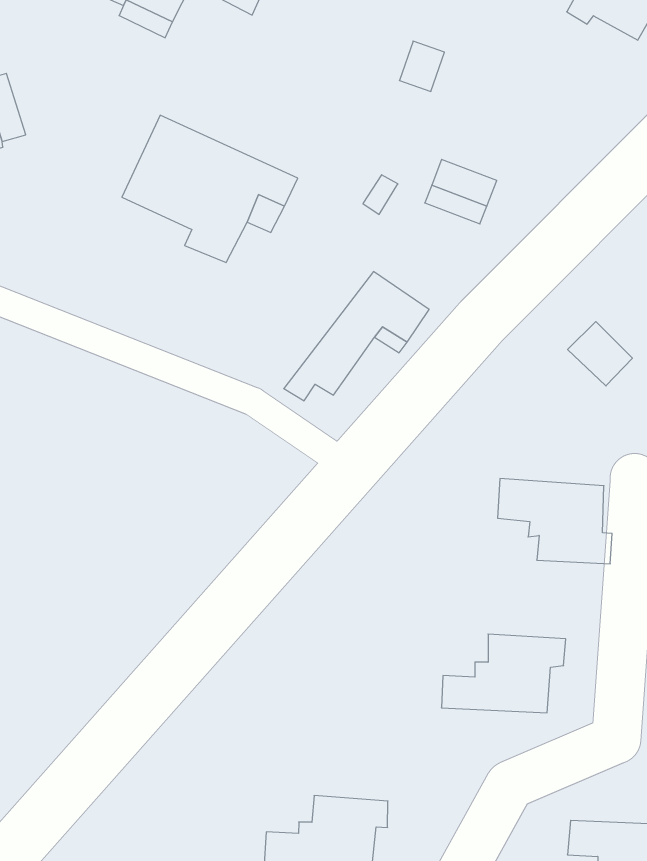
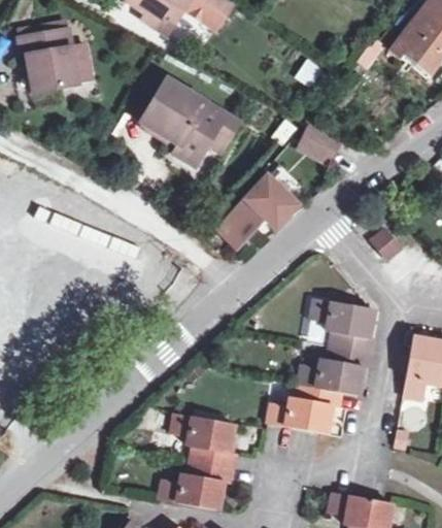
building: none -> [303,349,375,397]
building: none -> [176,415,239,470]

